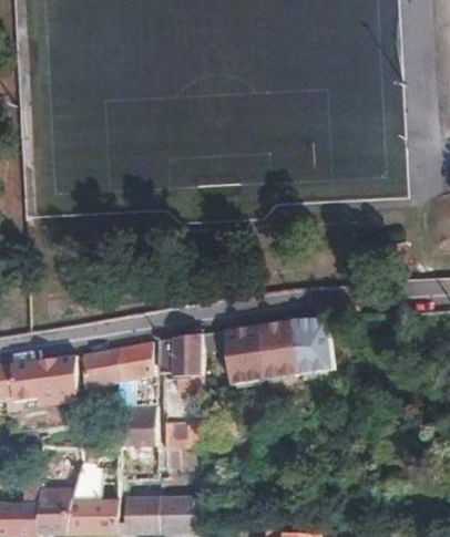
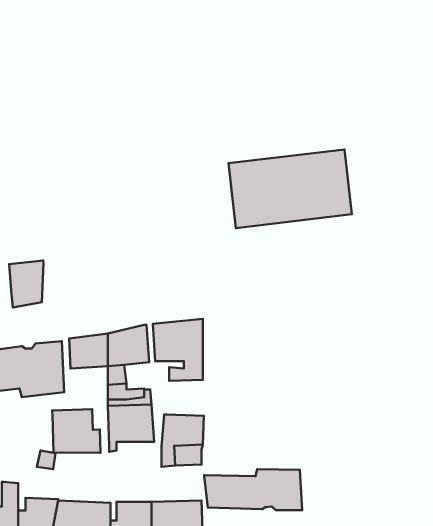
building: none -> [9,261,44,308]
building: [223,313,333,383] -> [228,150,352,228]
building: none -> [52,409,100,453]
building: none -> [204,469,302,510]

